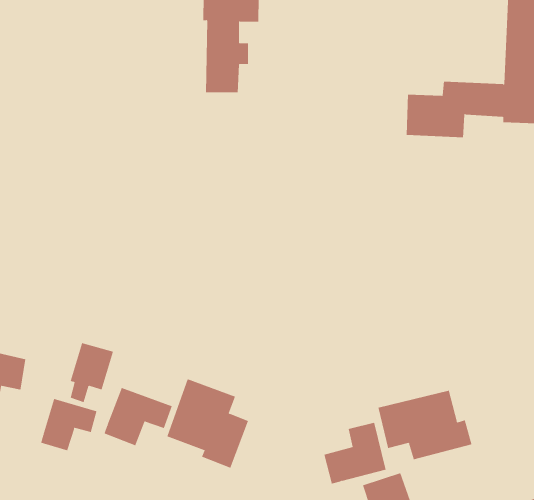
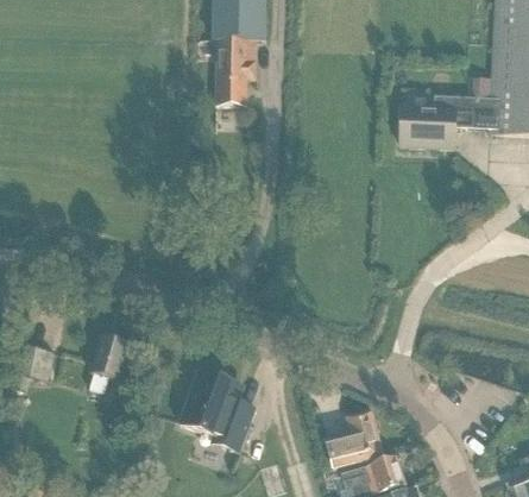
building: [104,387,172,446] -> none
building: [378,390,472,460] -> none
building: [41,398,97,451] -> none

